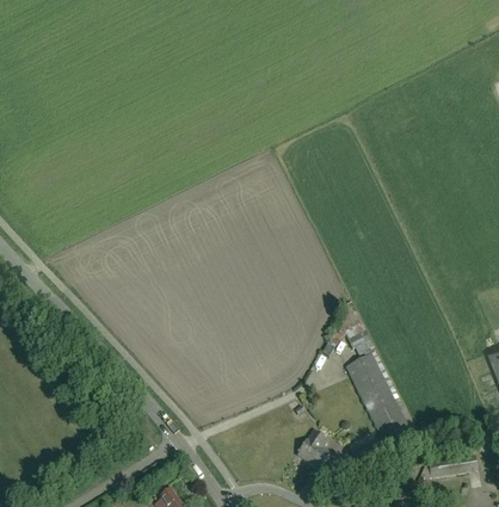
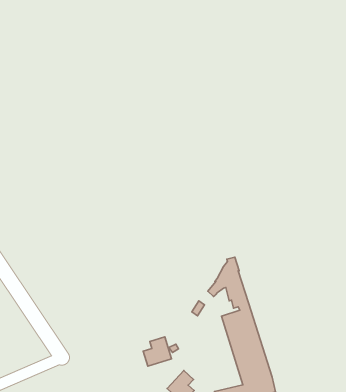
building: none -> [143,337,171,366]

